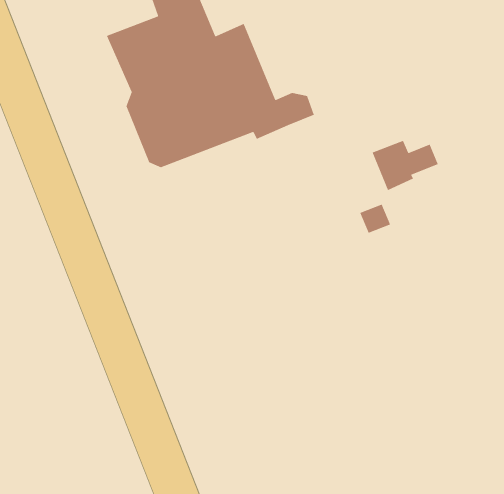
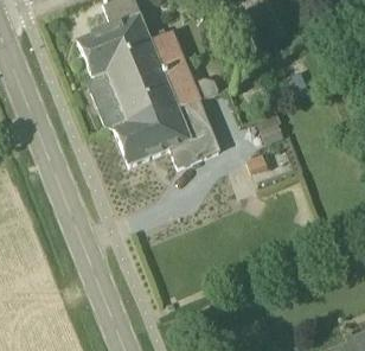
building: none -> [114,100,219,167]

